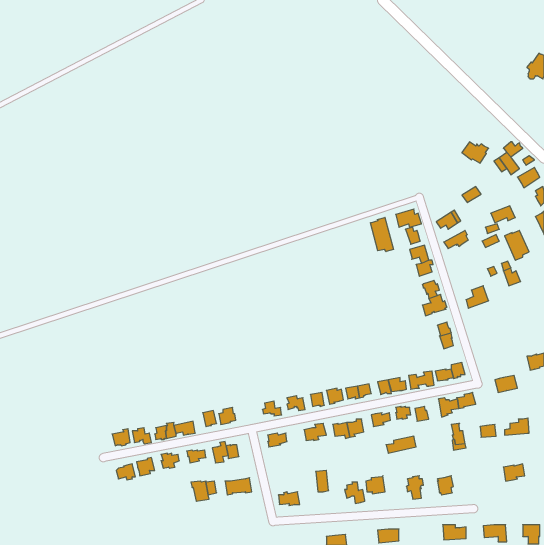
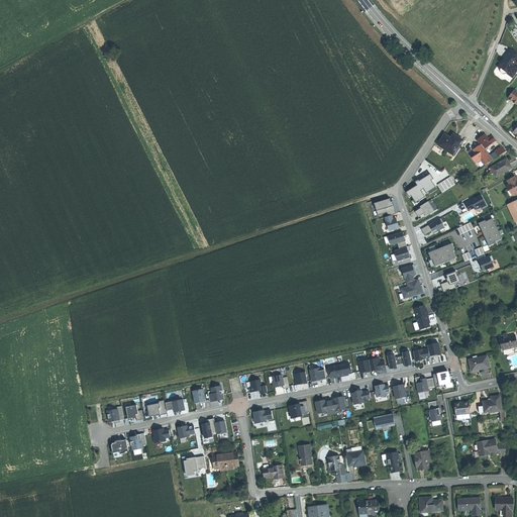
building: none -> [406,173,437,202]
building: [370,217,394,252] -> none
building: none -> [427,243,455,267]

